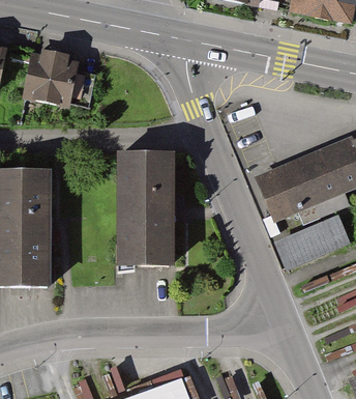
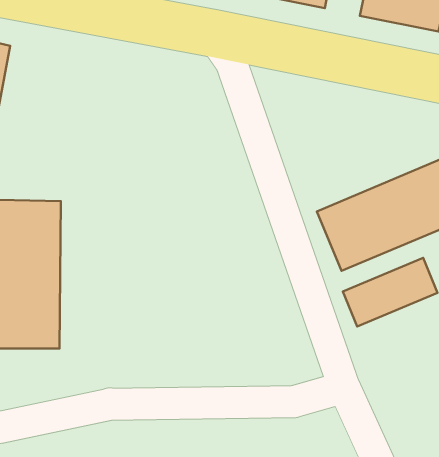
building: [24,48,84,106] -> none
building: [120,147,173,263] -> none

